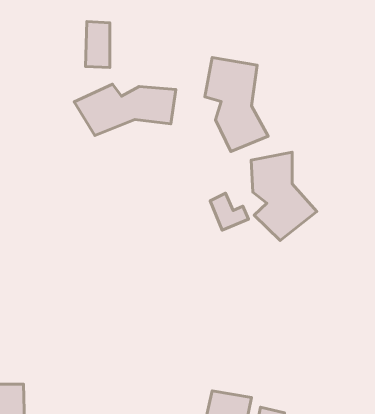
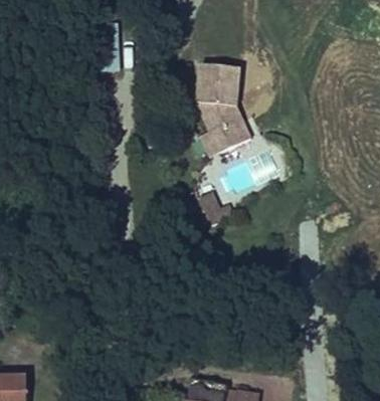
building: [74,84,176,135] -> none
building: [251,152,317,241] -> none

